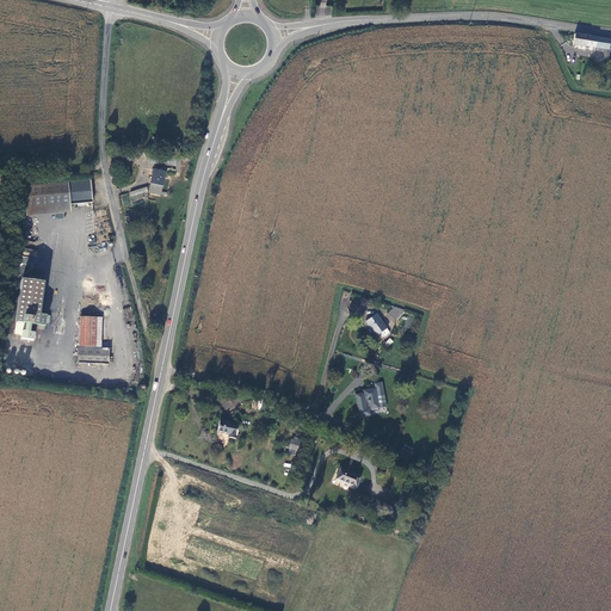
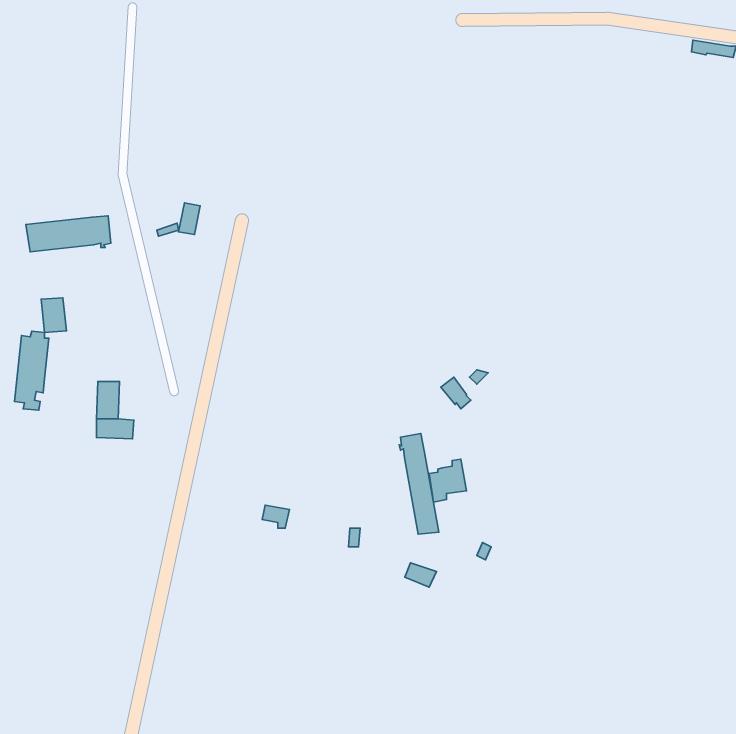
building: none -> [41,298,66,332]
building: none -> [399,433,439,534]

